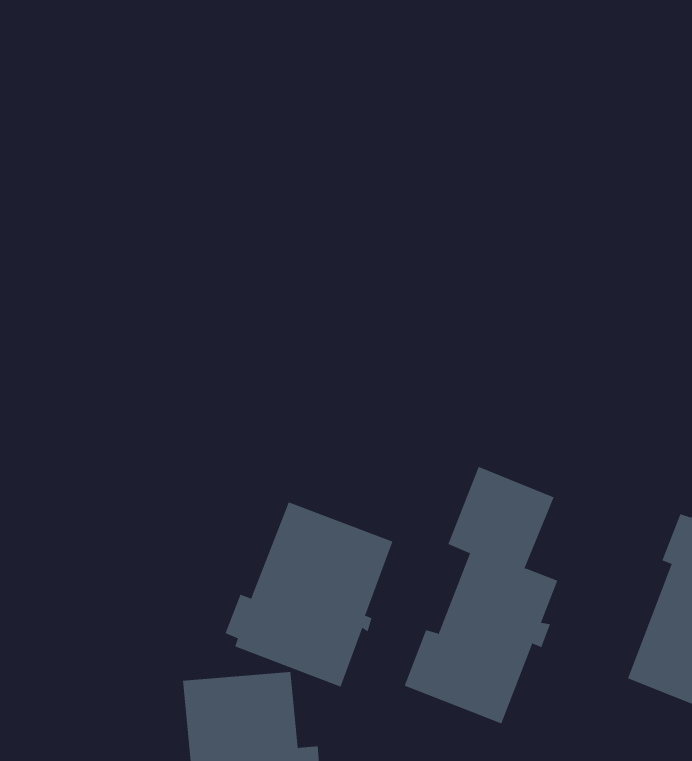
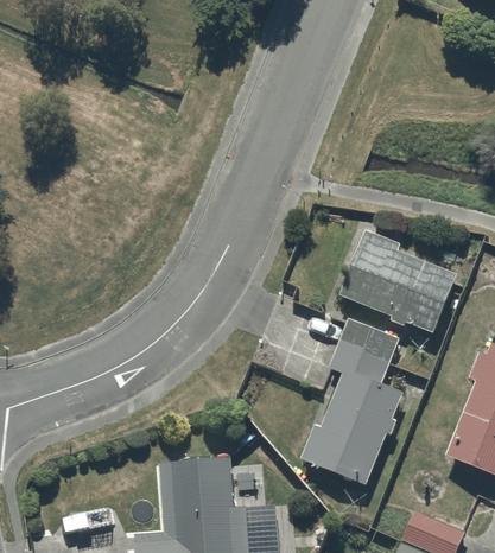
building: none -> [339,230,455,332]
building: [225,502,393,687] -> none

